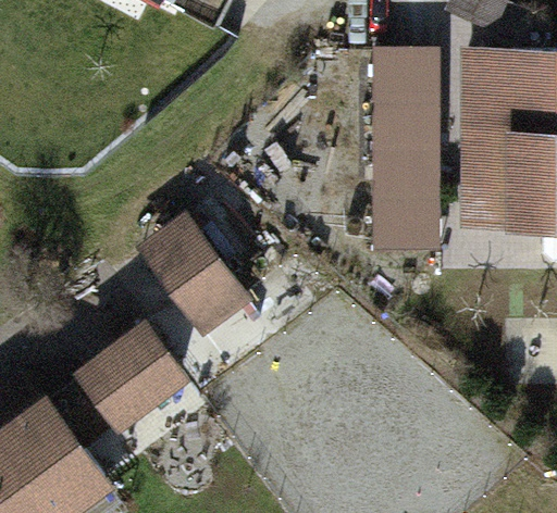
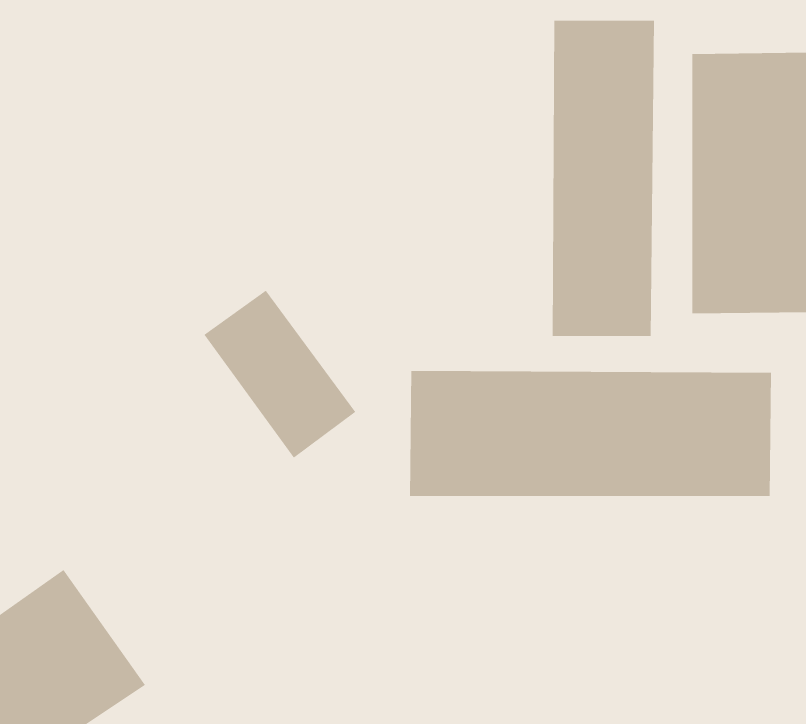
building: none -> [410,370,771,497]
building: [76,327,180,427] -> none

